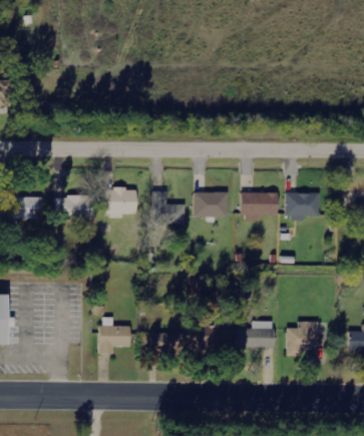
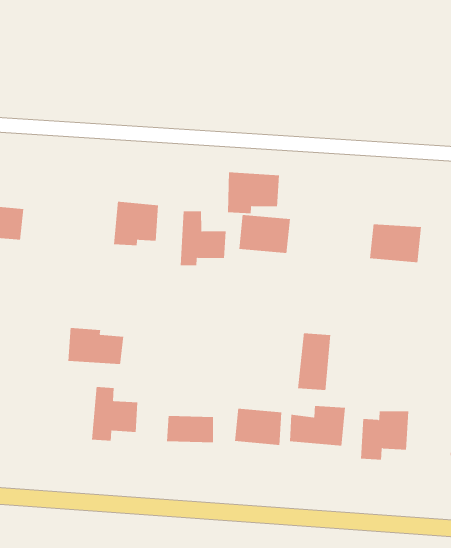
building: [242,192,278,221] -> [227,172,280,214]
building: [54,195,93,220] -> none
building: none -> [297,332,331,391]
building: none -> [68,327,124,365]

